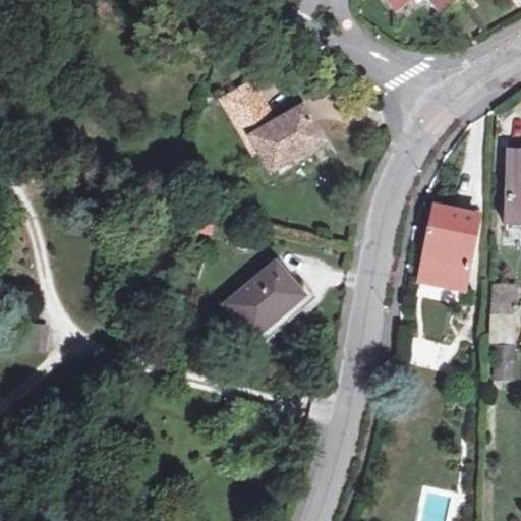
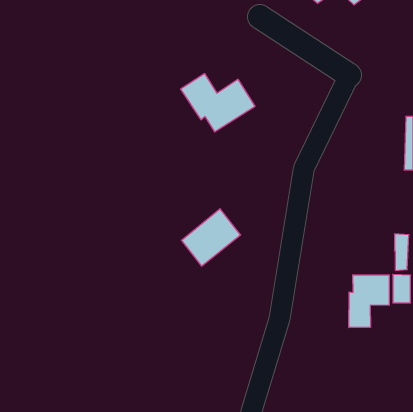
building: [421,208,481,289] -> none
building: none -> [349,275,389,328]

